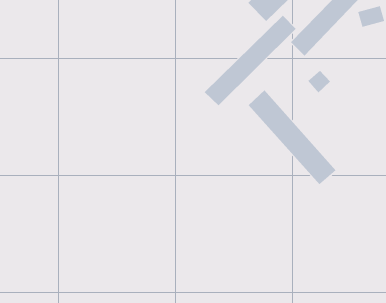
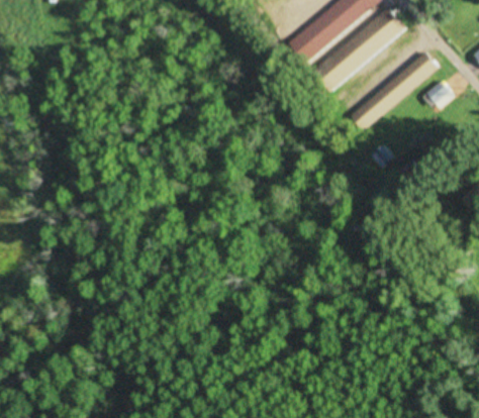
building: [204,15,296,106] -> none
building: [248,89,336,185] -> none

